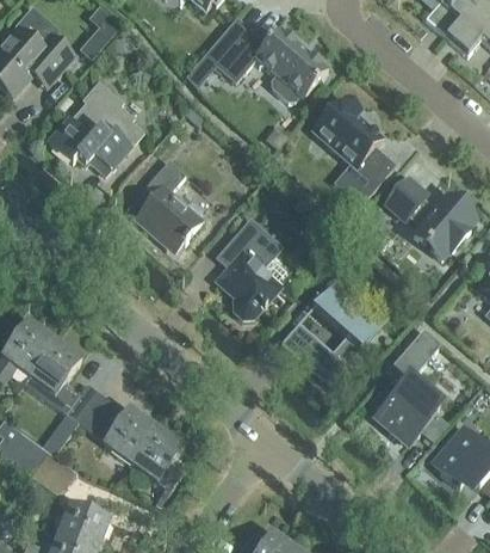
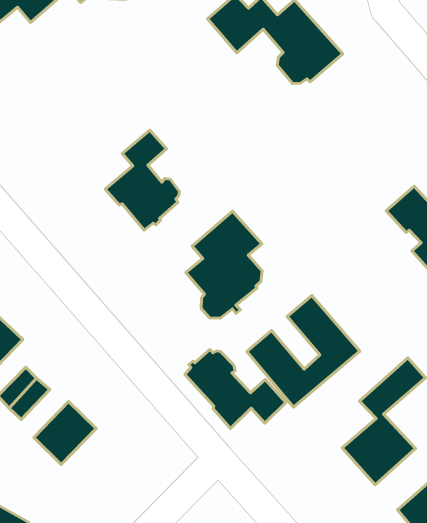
building: [49,82,141,172] -> none
building: [312,98,393,203] -> none
building: none -> [185,349,286,429]
building: [131,428,187,504] -> none

